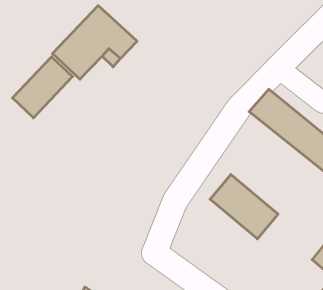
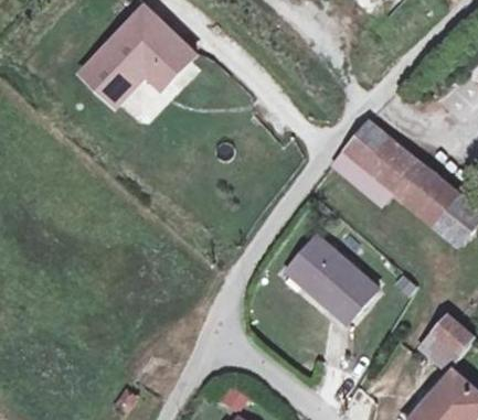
building: [12,57,73,118] -> none

